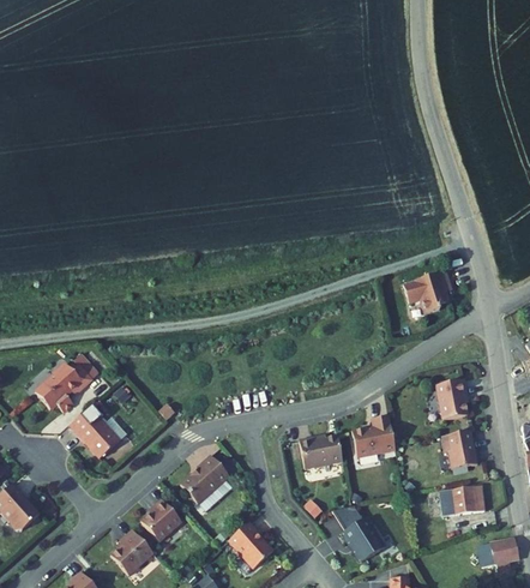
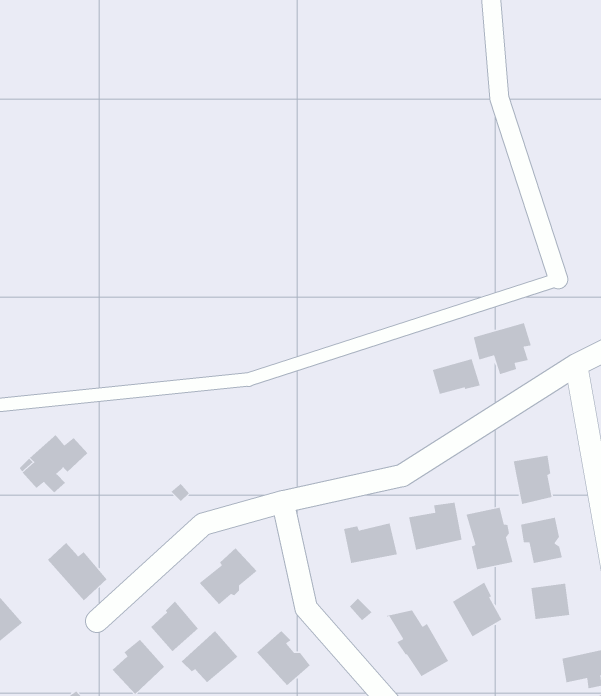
building: none -> [432,358,481,395]
building: [70,409,119,457] -> [47,542,108,601]
building: none -> [465,507,514,570]
building: none -> [452,582,503,637]
building: none -> [181,630,239,683]

